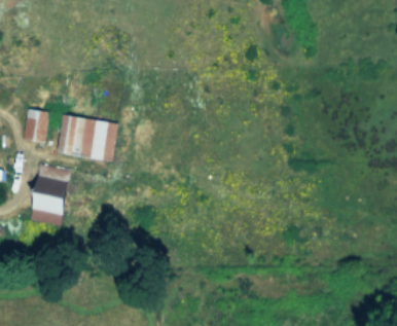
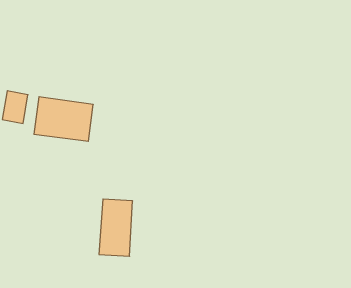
building: [33,166,68,225] -> [99,199,133,256]

